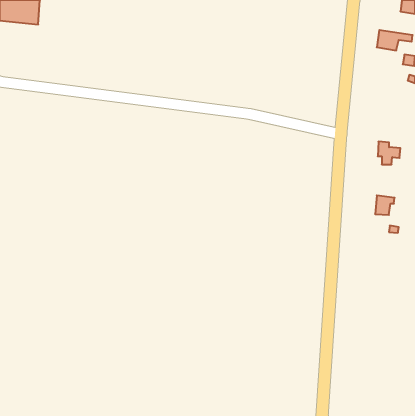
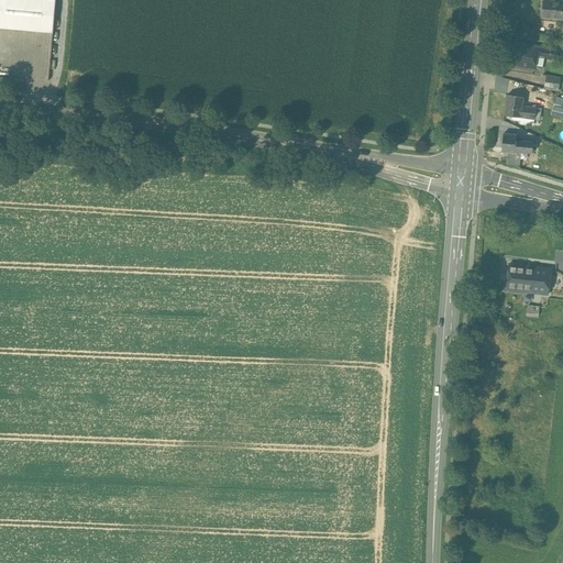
building: none -> [504,93,540,117]
building: [378,142,400,164] -> [501,131,532,162]
building: none -> [526,267,549,292]

